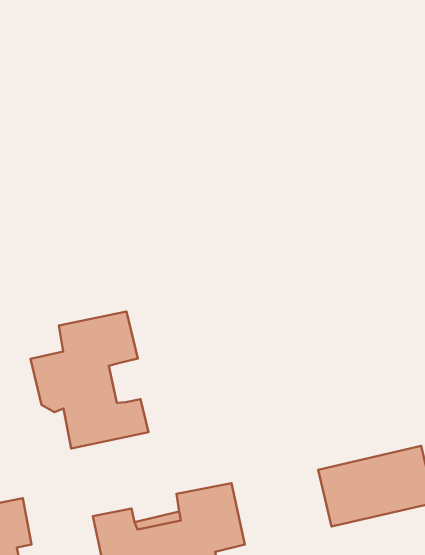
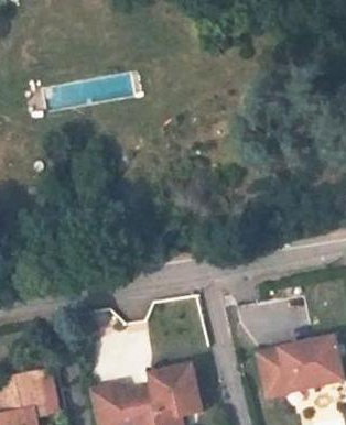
building: [31,311,148,449] -> none

